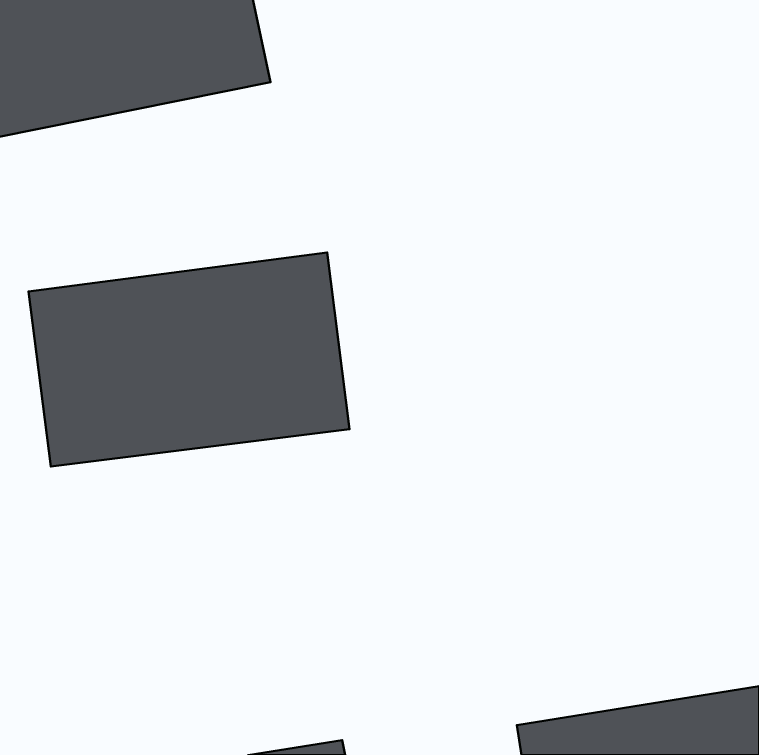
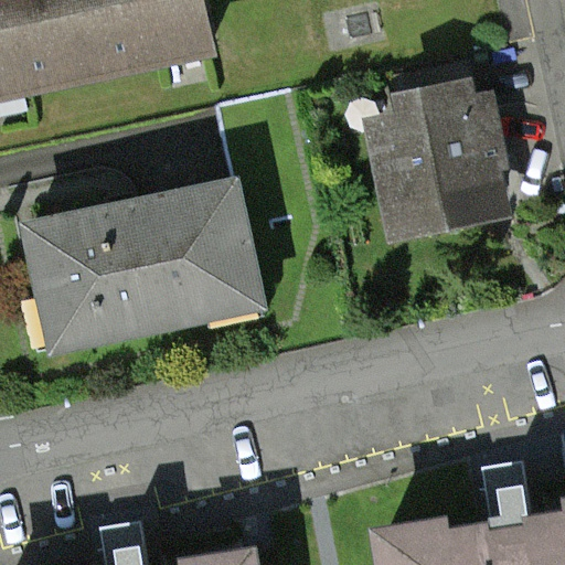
building: none -> [373,78,514,243]

